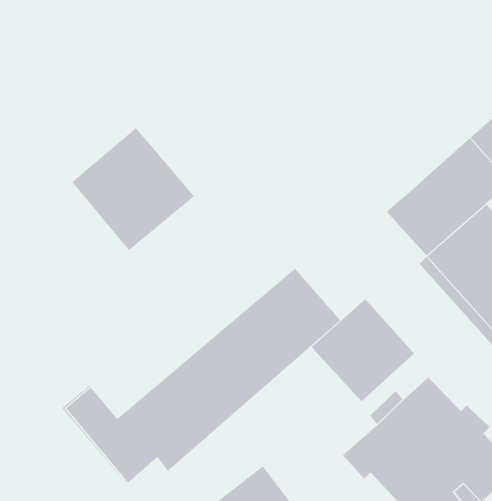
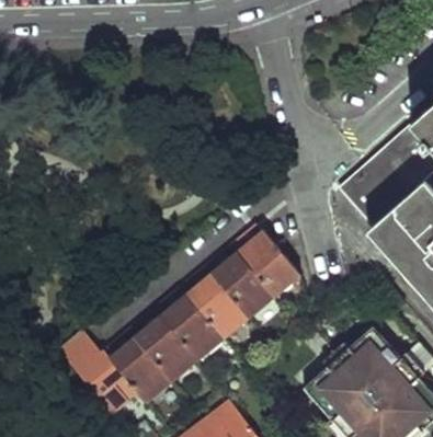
building: [71,127,195,251] -> none
building: [311,298,415,402] -> none

